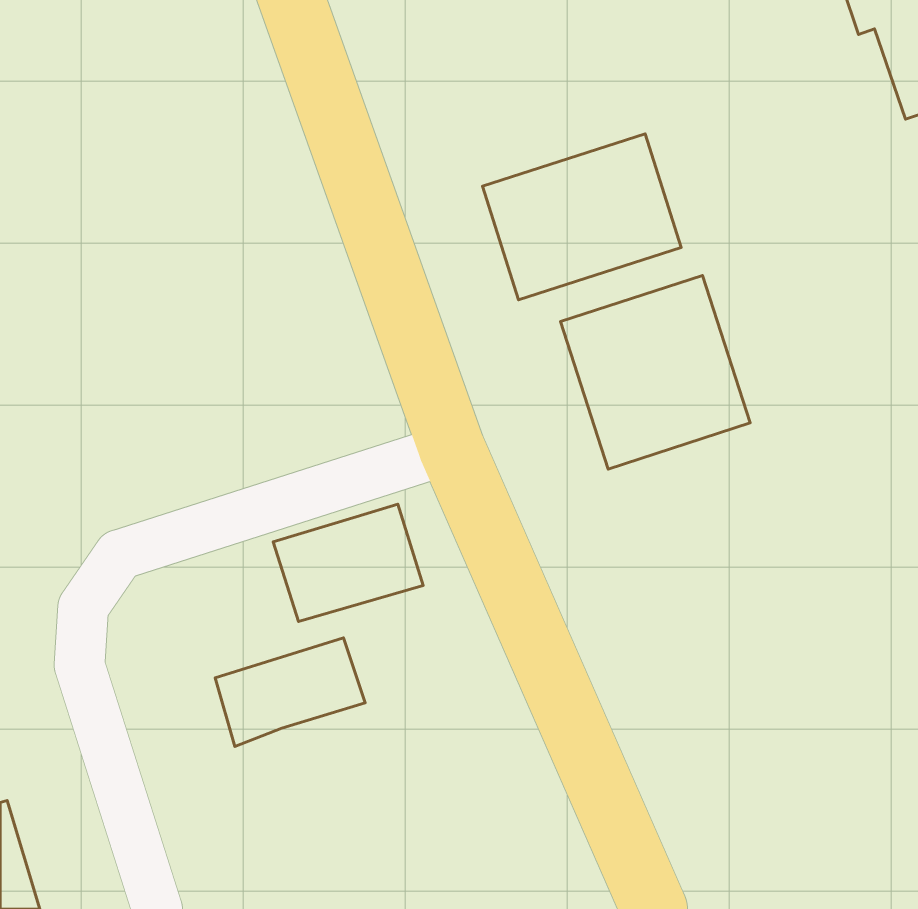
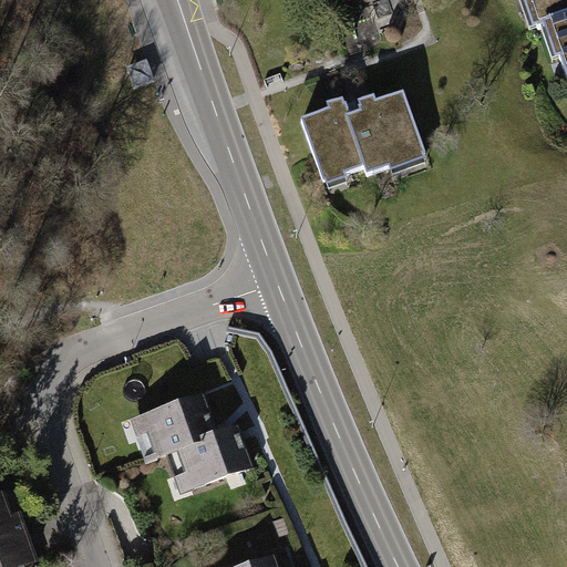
building: [561,275,750,469] -> none
building: [273,504,423,621] -> [176,423,268,495]

